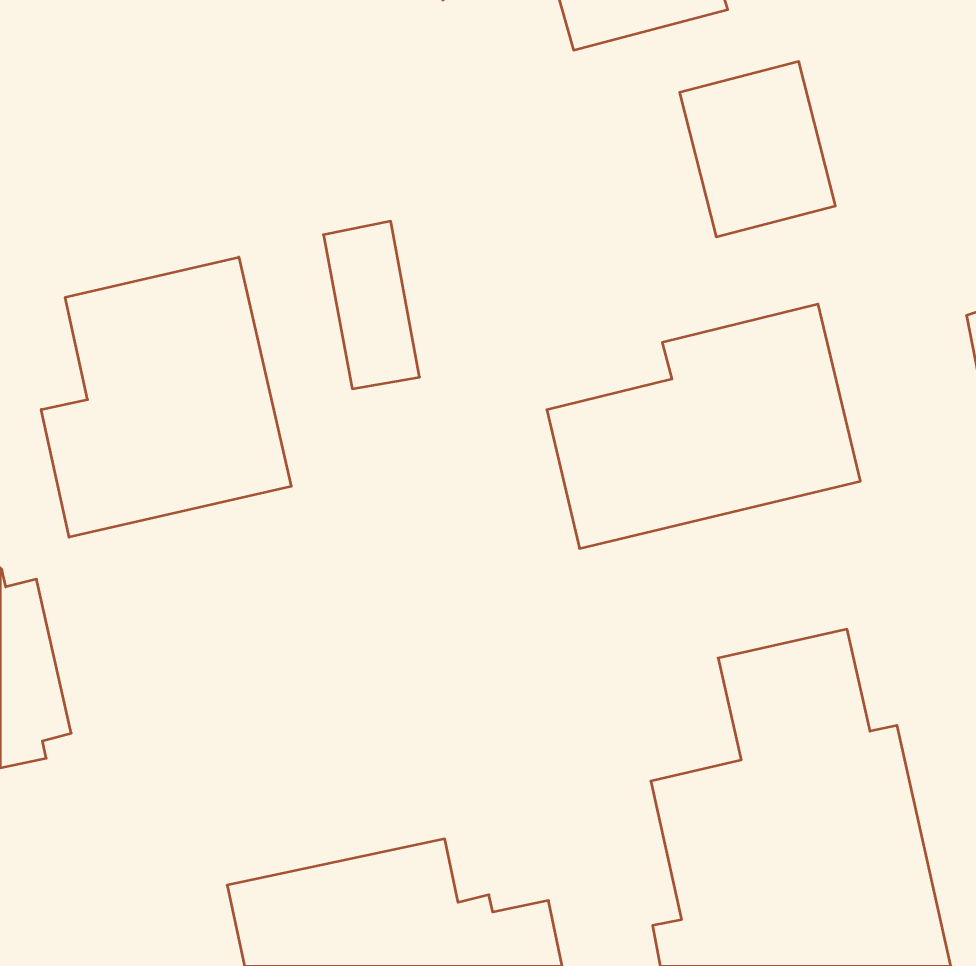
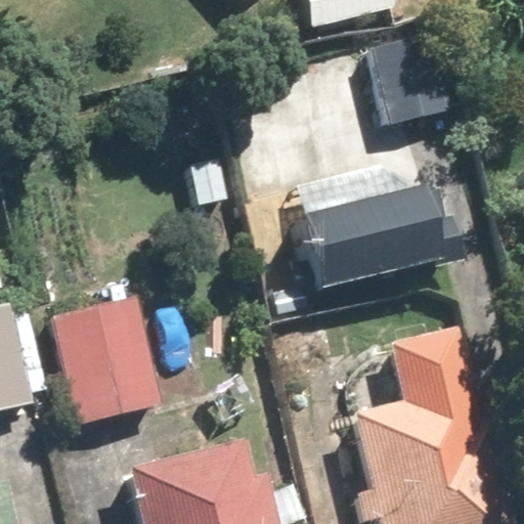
building: [41,257,291,537] -> none
building: none -> [45,299,155,426]

